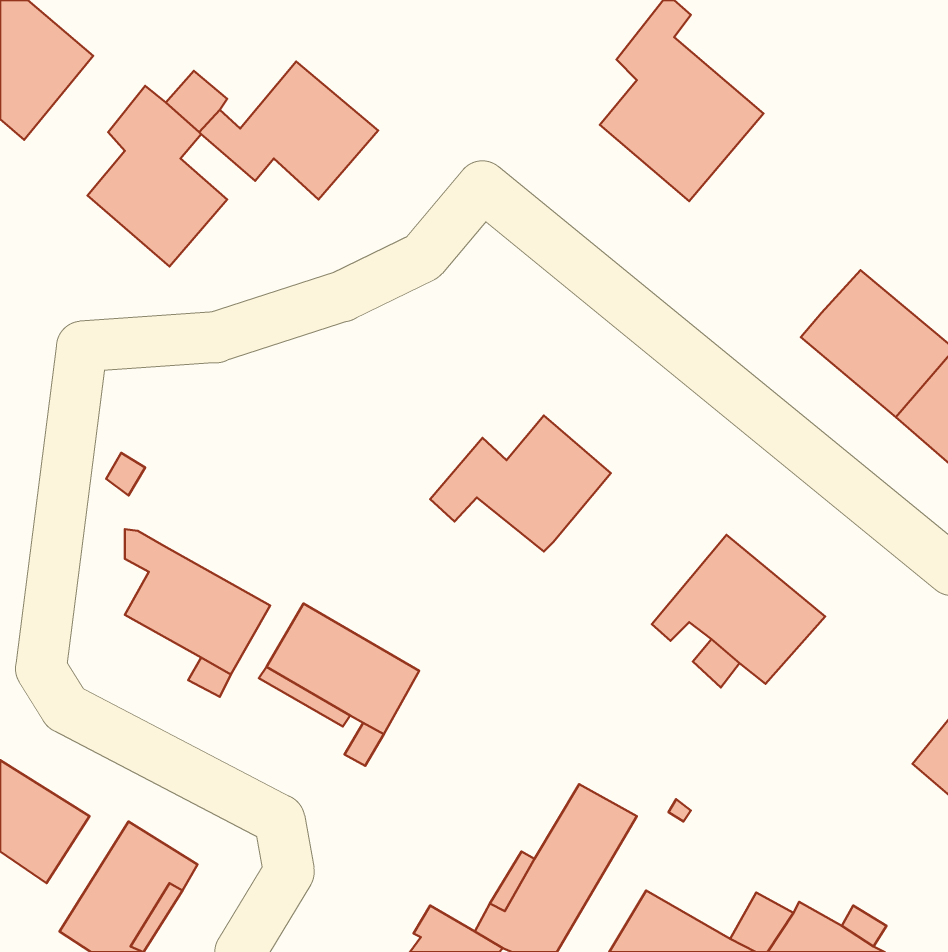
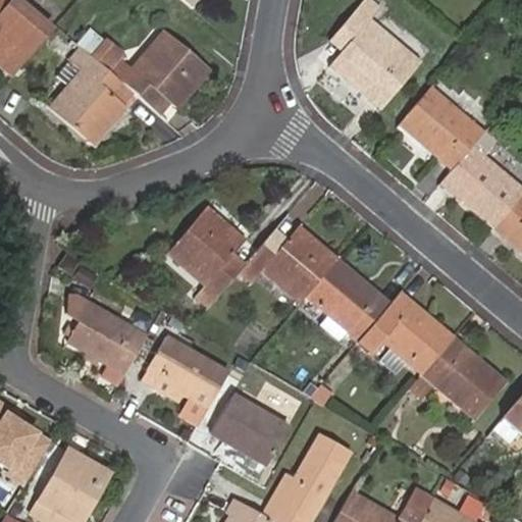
building: none -> [399,88,485,171]
building: none -> [169,210,243,309]
building: none -> [305,259,390,342]
building: none -> [421,337,506,419]
building: none -> [215,390,291,459]

